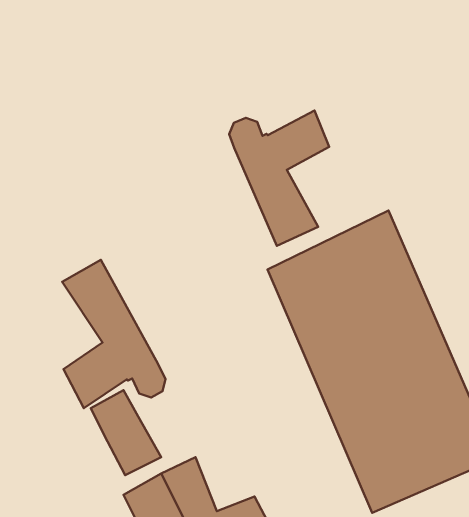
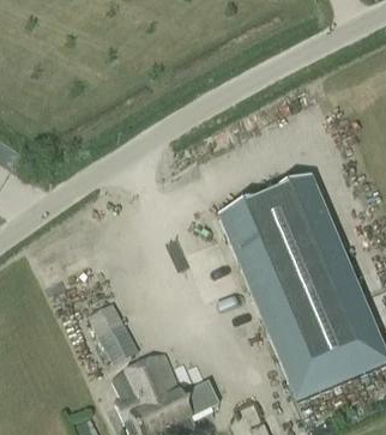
building: [229,110,329,246] -> none
building: [62,260,165,408] -> none

